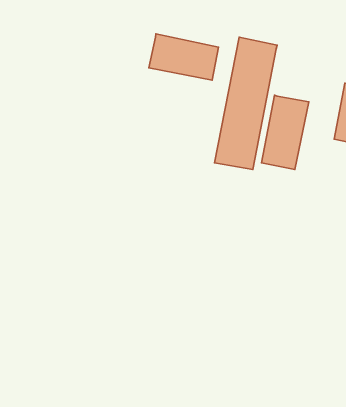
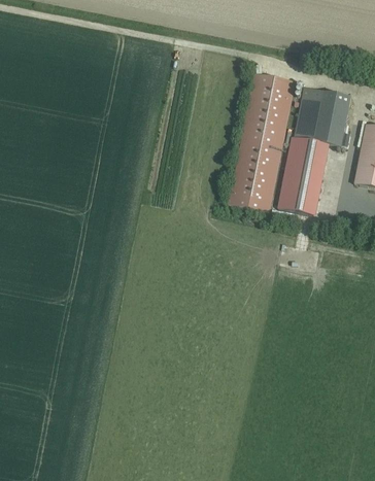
building: [149,34,219,80] -> none
building: none -> [295,89,350,145]

